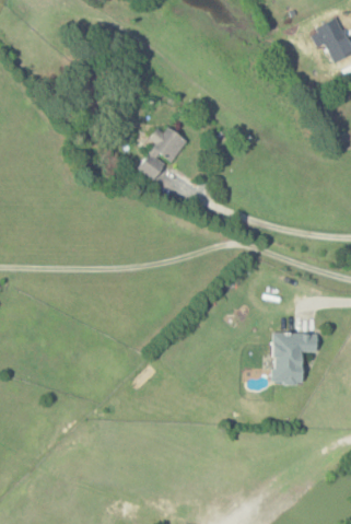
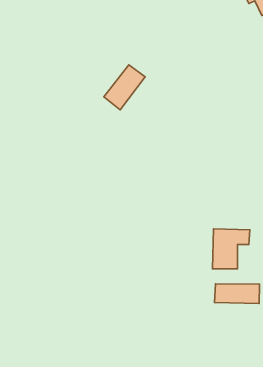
building: none -> [215,284,259,304]

